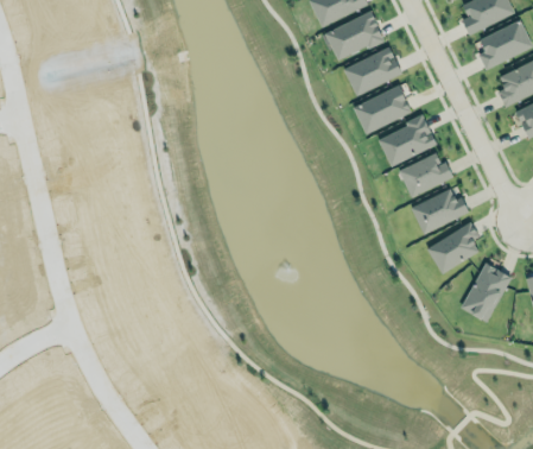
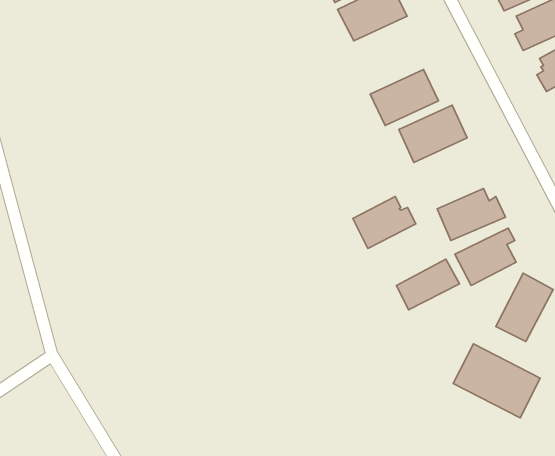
building: [344,48,402,95] -> none
building: [399,151,453,196] -> [353,197,416,249]
building: none -> [396,259,459,310]
building: none -> [453,344,540,418]

